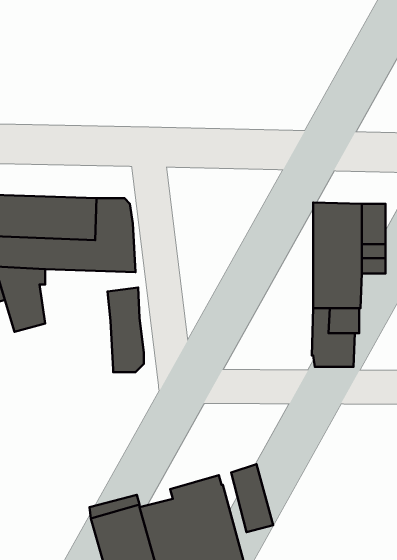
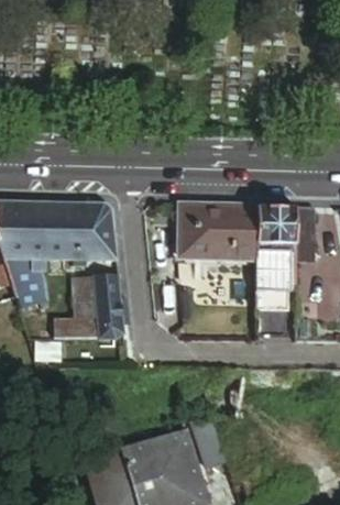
building: none -> [179,204,256,259]
building: none -> [52,299,98,338]

